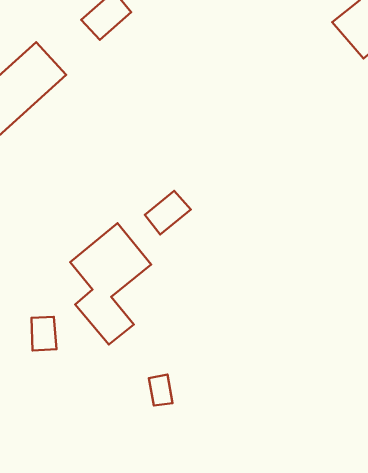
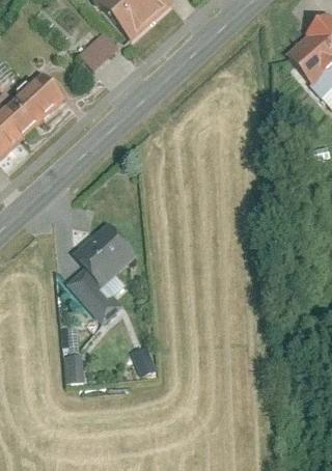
building: [145,191,191,235] -> none
building: [31,317,56,350] -> [64,354,85,382]

